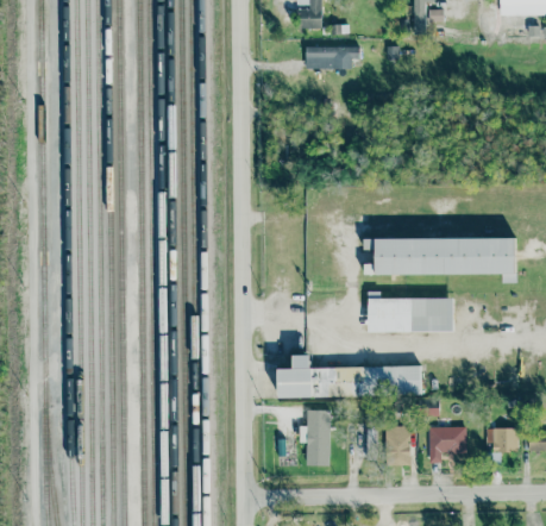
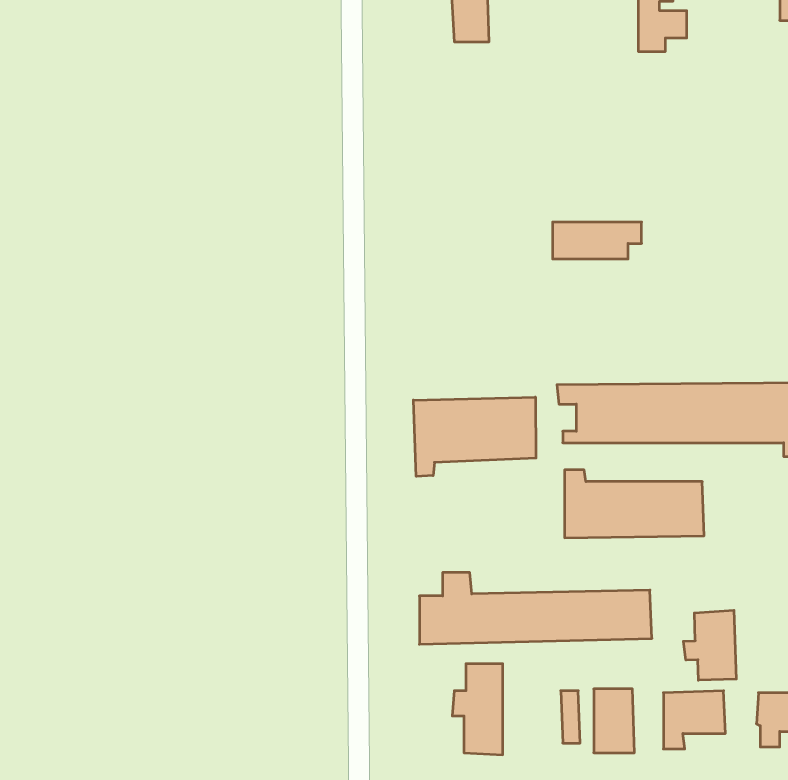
building: [306,45,360,68] -> [553,222,642,259]
building: none -> [413,397,536,476]
building: none -> [683,610,736,680]

